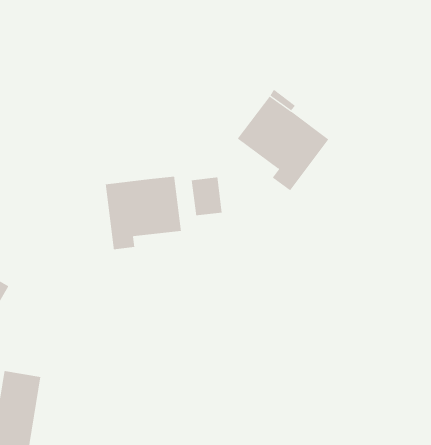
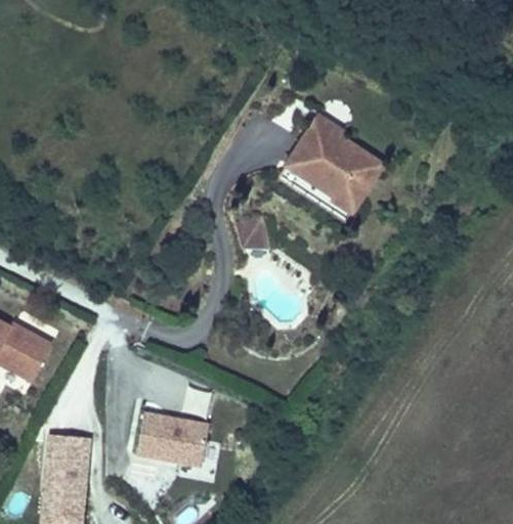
building: [105,176,181,250] -> none
building: none -> [134,411,206,466]

